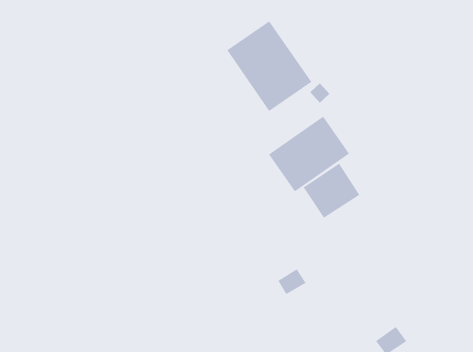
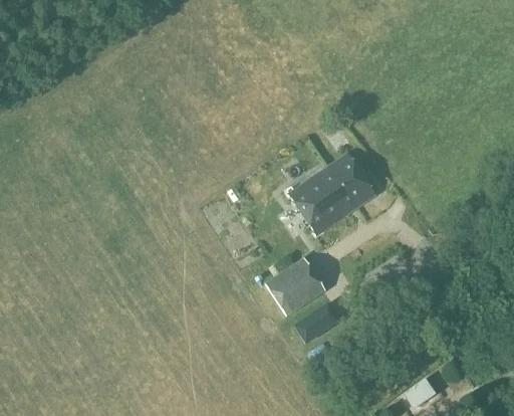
building: [227,20,312,112] -> none
building: [303,163,360,219] -> [265,255,326,315]

